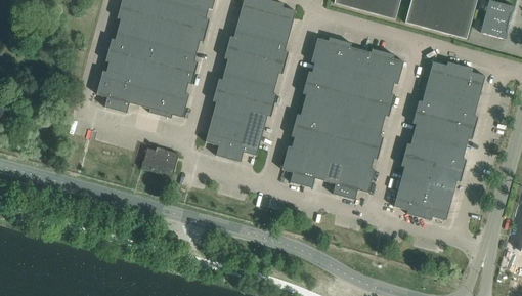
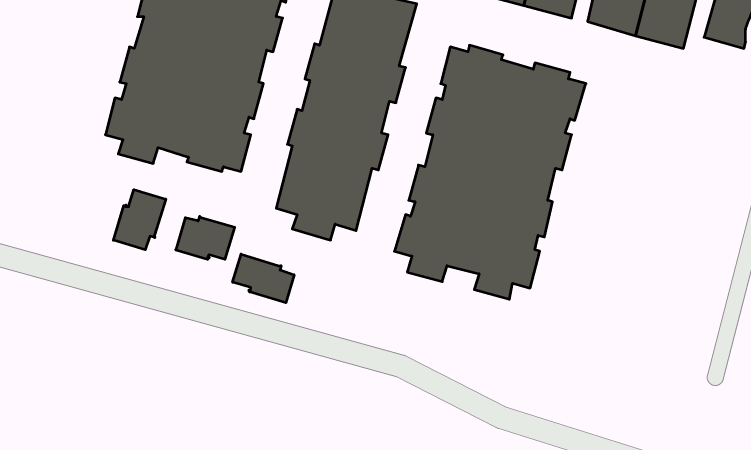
building: [394,60,485,219] -> none
building: none -> [113,190,166,250]
building: none -> [233,254,294,303]

